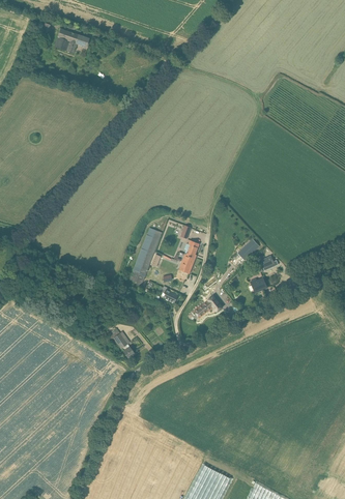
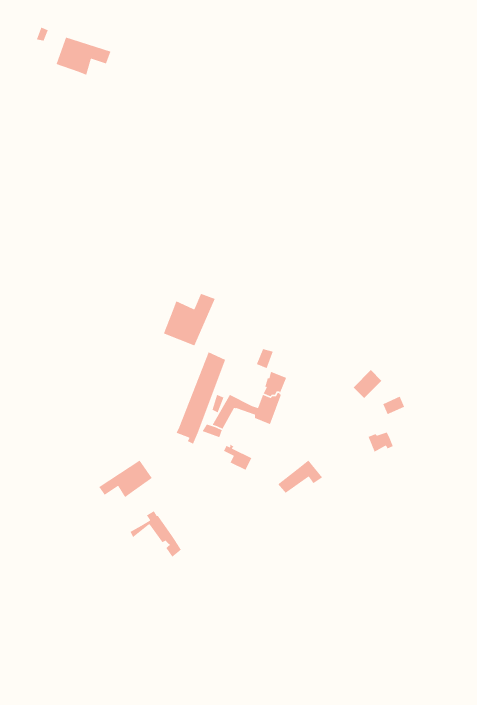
building: none -> [163,293,216,347]
building: none -> [98,459,153,498]

